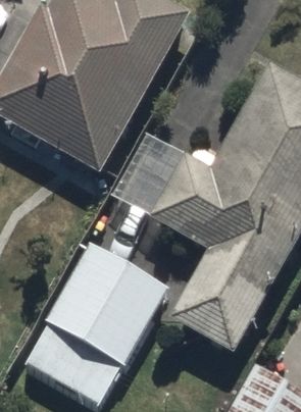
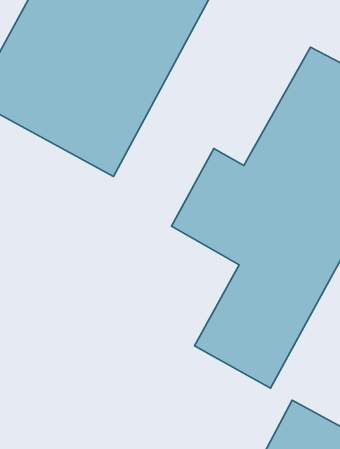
building: [44,242,167,364] -> none

